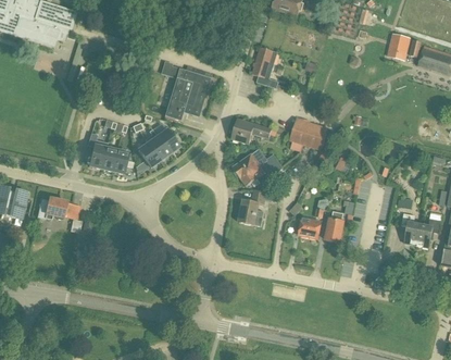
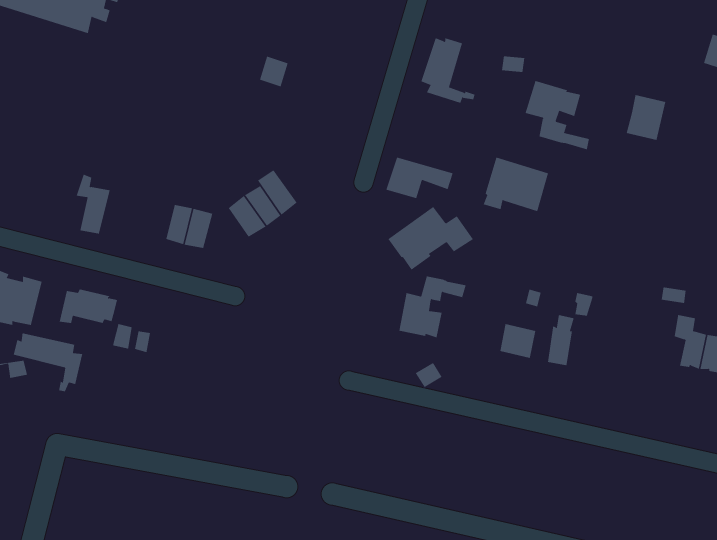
building: [386,33,410,60] -> [626,95,666,140]
building: [163,64,212,121] -> none
building: none -> [525,80,589,150]
building: [86,132,107,167] -> [76,174,111,234]
building: none -> [13,332,83,392]

